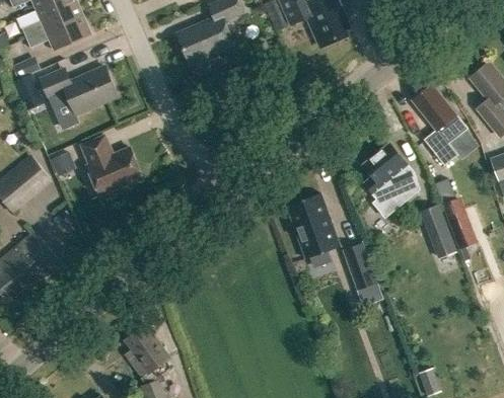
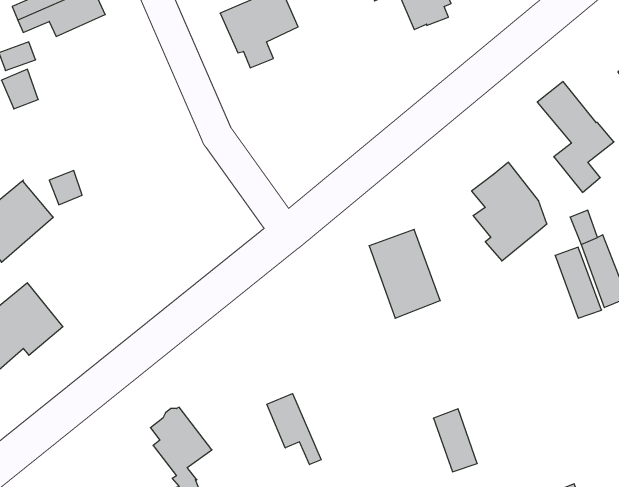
building: [39,67,116,114] -> none
building: [80,136,142,195] -> none
building: [343,243,375,290] -> [433,409,477,472]
building: none -> [267,394,321,465]

